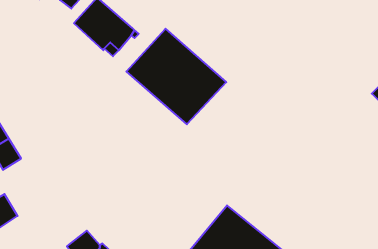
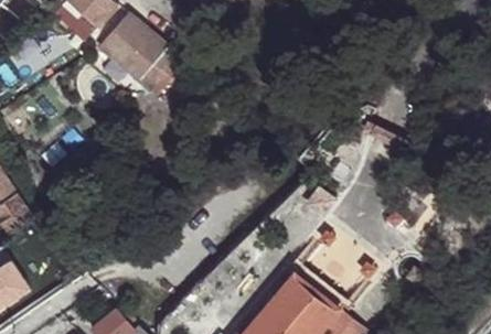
building: [126,29,226,124] -> none

